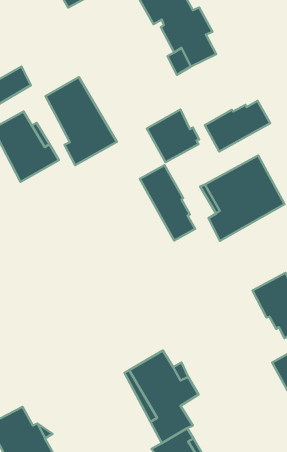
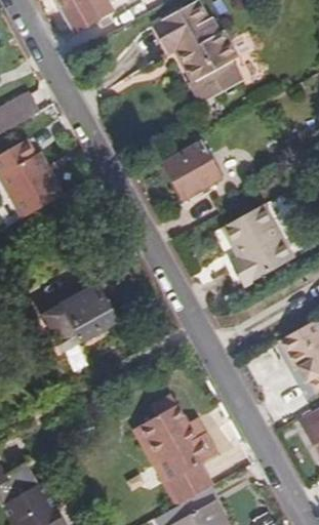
building: [46,77,117,165] -> none
building: [205,101,270,152] -> none
building: [140,165,195,241] -> none
building: none -> [48,276,114,351]

